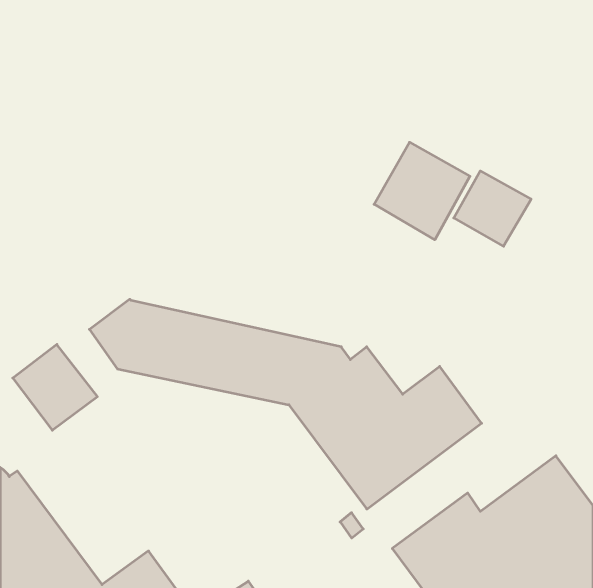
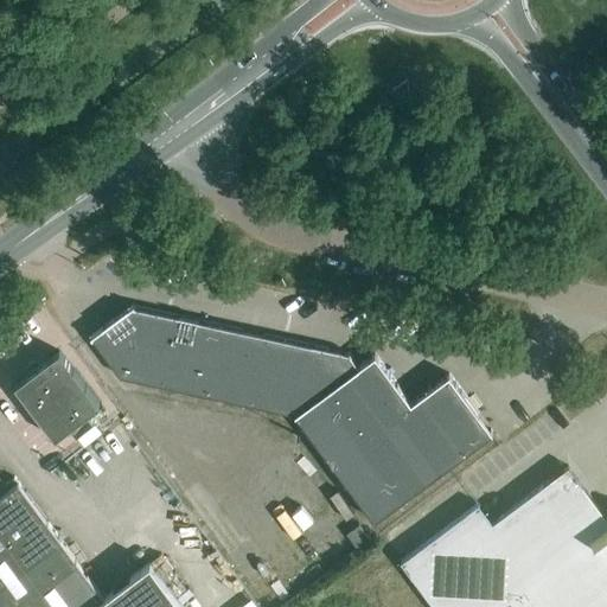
building: [374,142,470,240] -> none
building: [454,171,531,246] -> none

